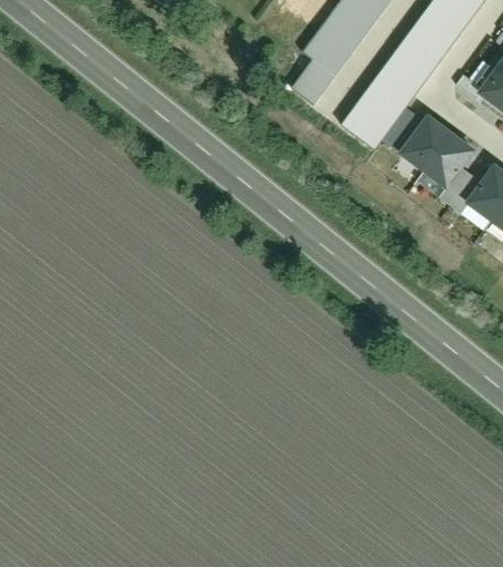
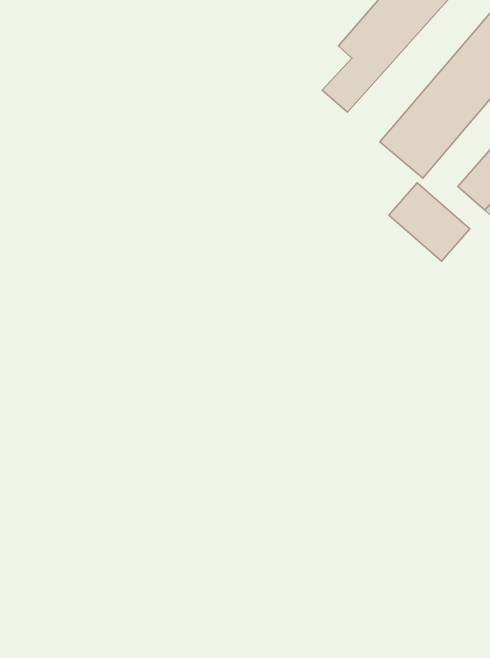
building: none -> [389,183,470,261]

